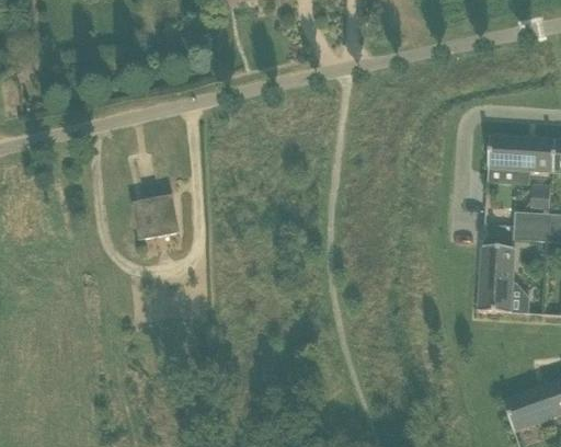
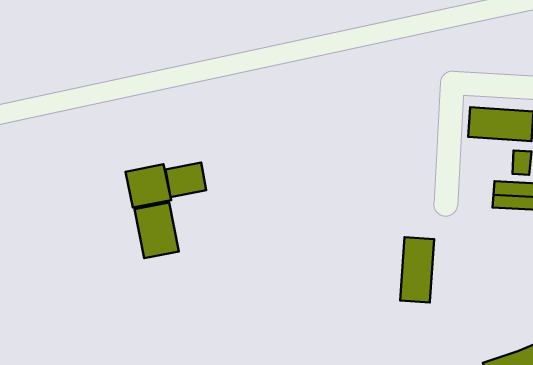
building: none -> [165,163,206,197]
building: none -> [135,202,179,258]
building: [479,244,514,312] -> [400,237,434,303]

